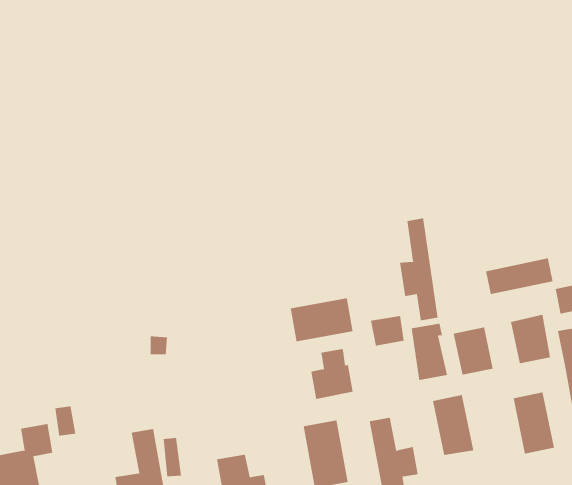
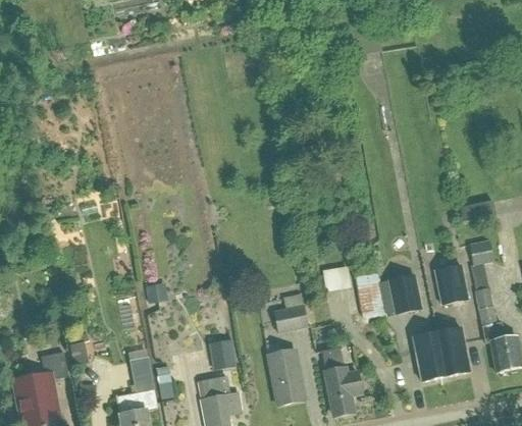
building: [400,218,438,321] -> none
building: [486,258,553,295] -> none
building: [290,297,353,342] -> none
building: [432,395,474,456] -> [412,332,446,381]
building: none -> [209,339,237,369]

